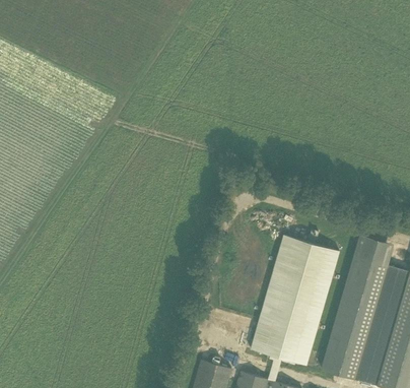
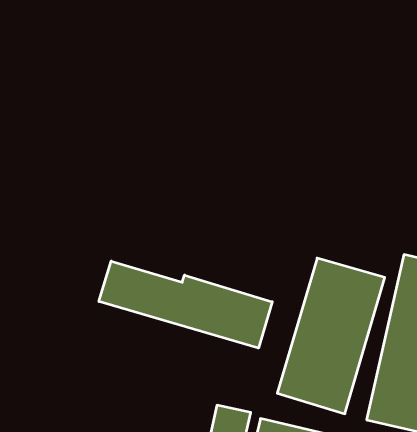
building: none -> [99,261,272,348]

